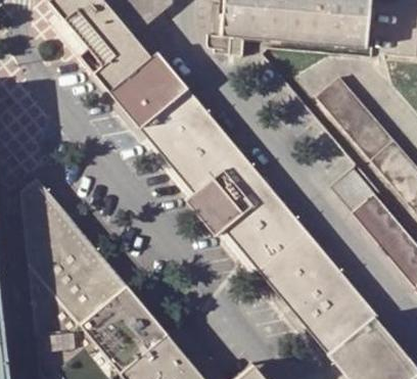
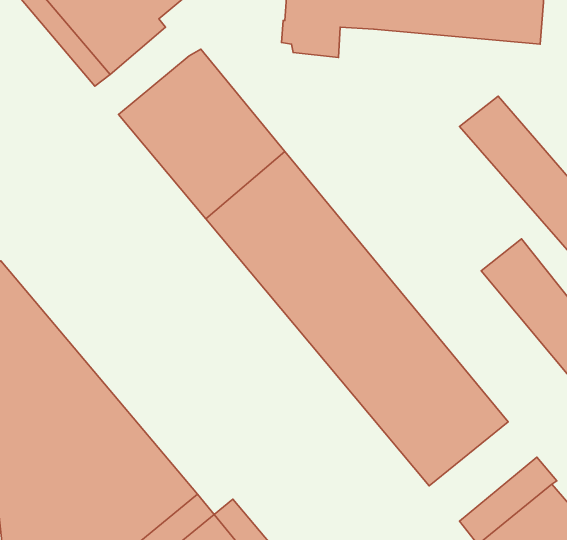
building: [94,37,151,90] -> none
building: [297,277,363,337] -> none

